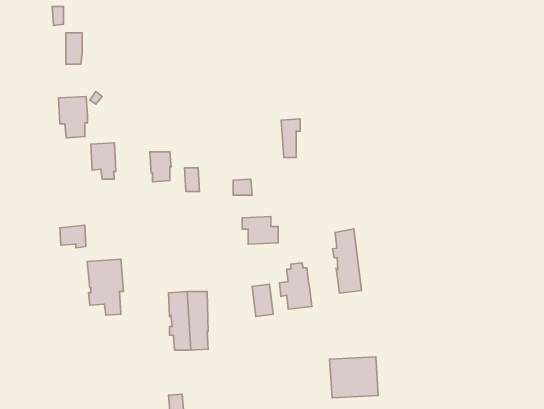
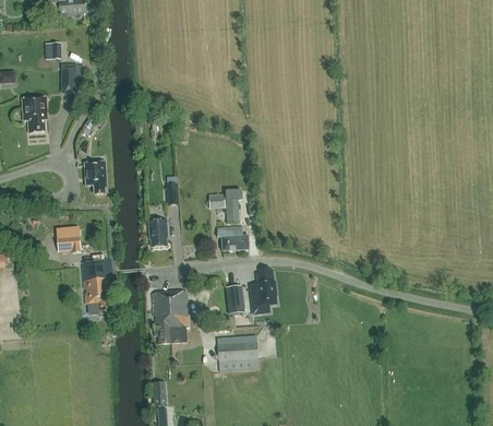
building: [59,96,87,138] -> [22,96,47,132]
building: [281,119,300,158] -> [225,188,241,222]
building: [150,152,171,182] -> [149,220,168,246]
building: [332,229,362,293] -> none
building: [330,357,378,398] -> [216,334,258,370]

